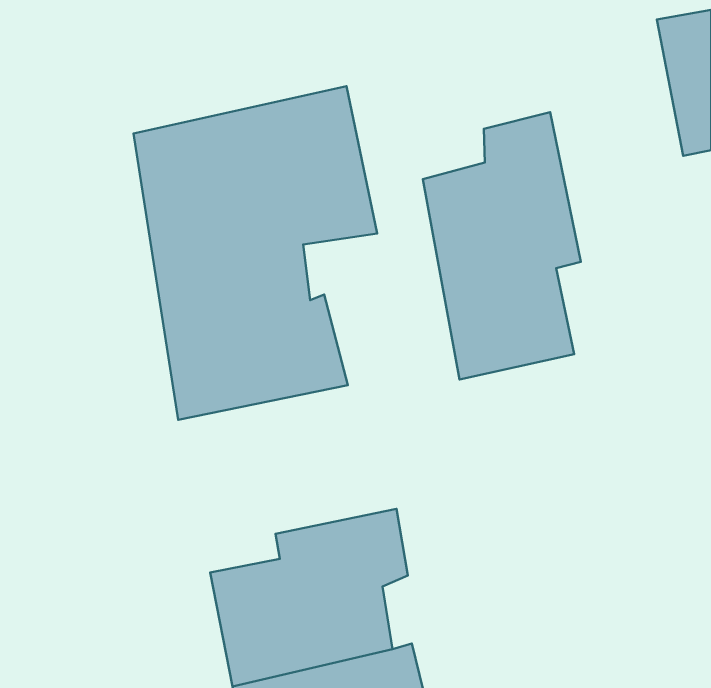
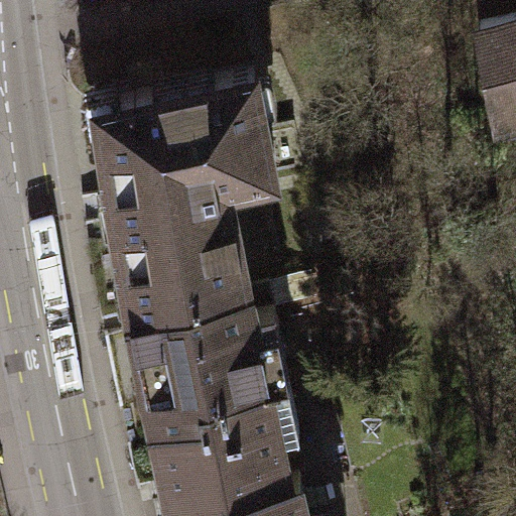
building: [423,112,581,379] -> none
building: none -> [129,292,287,431]

